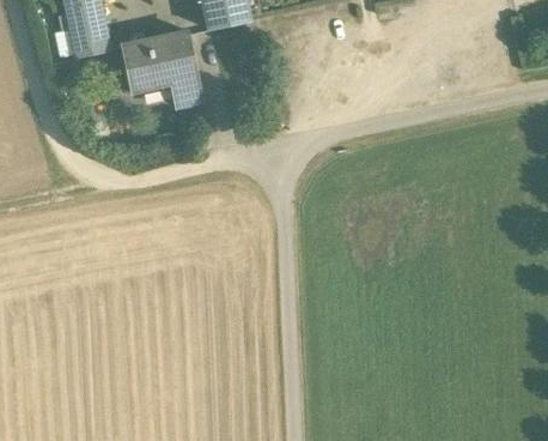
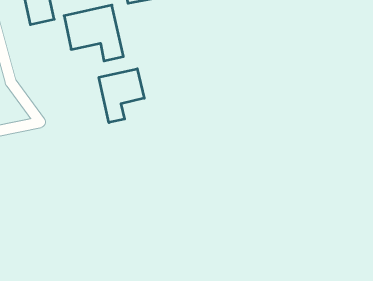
building: none -> [99,69,144,123]

